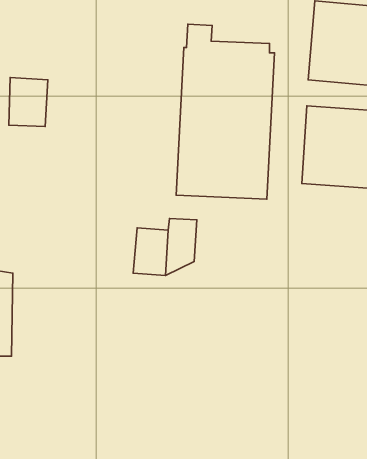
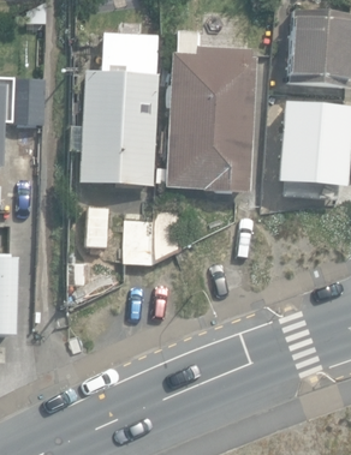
building: none -> [70,32,159,185]

